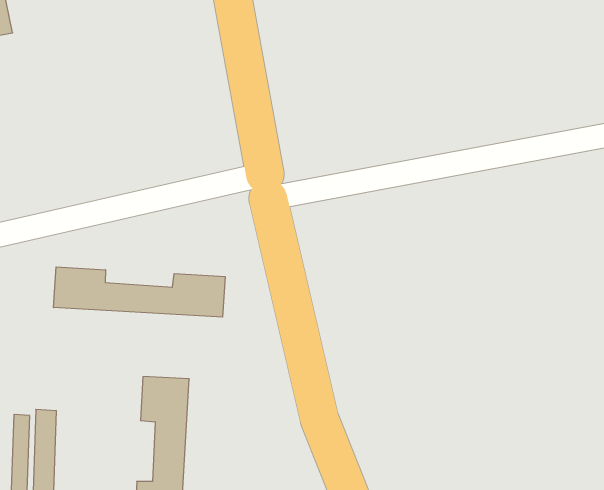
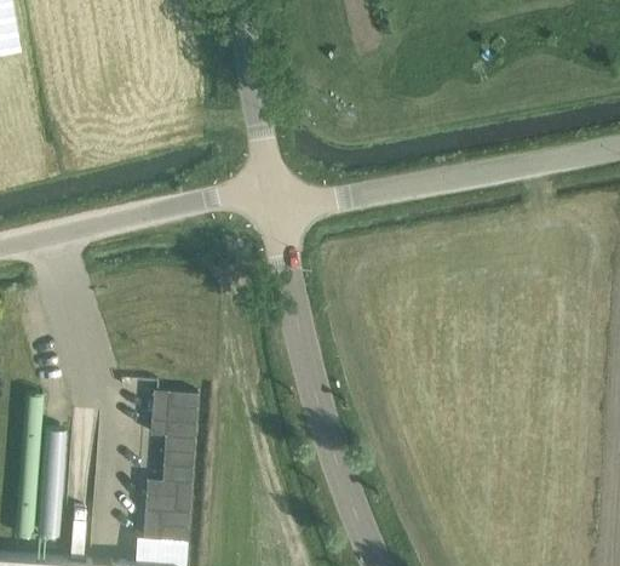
building: [54,267,225,317] -> none

